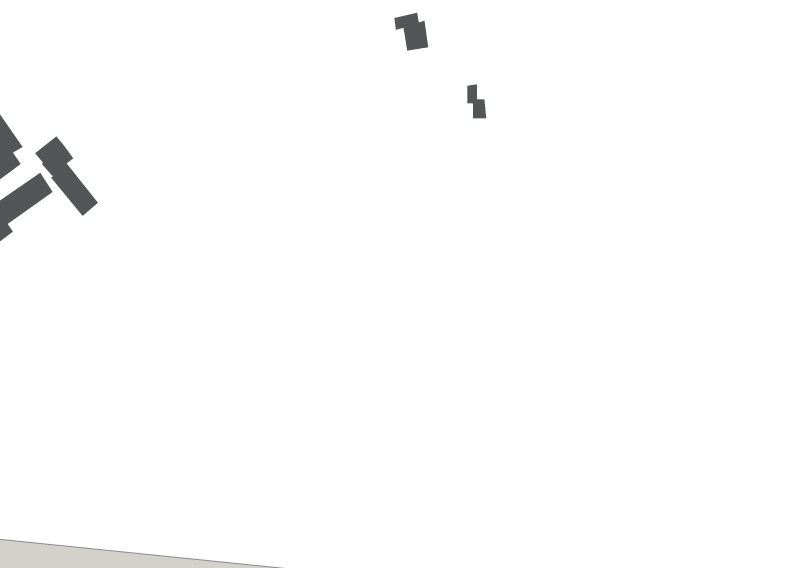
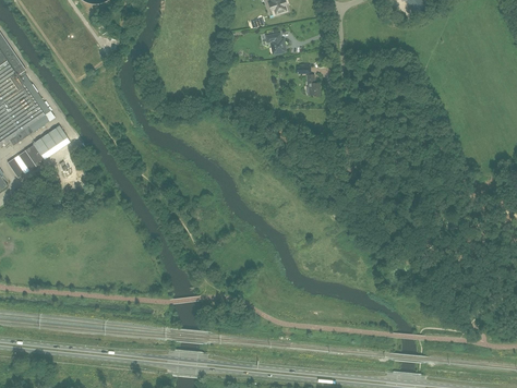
building: [34,135,99,217] -> none

